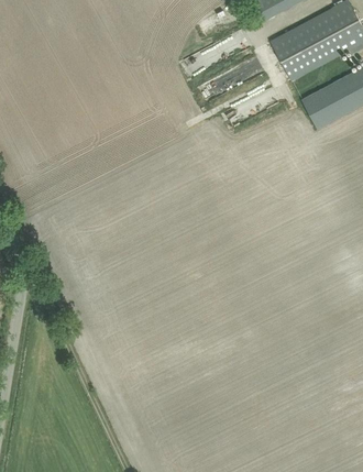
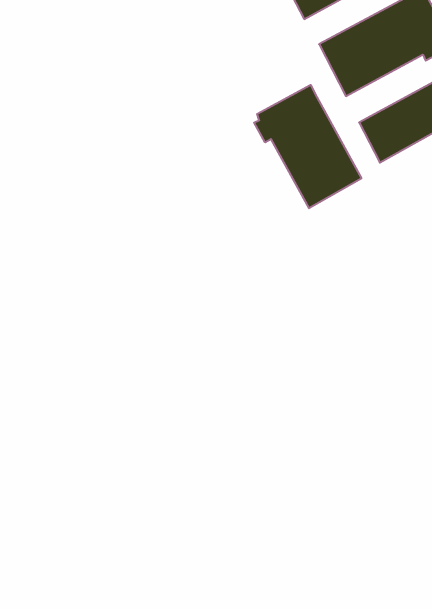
building: none -> [254,85,361,208]

